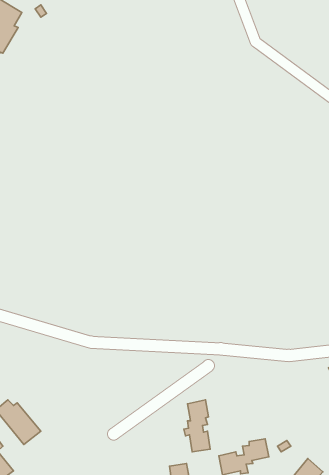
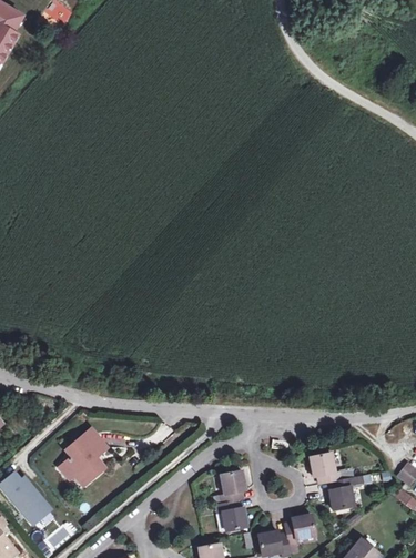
building: none -> [60,429,105,484]
building: none -> [311,453,355,510]

